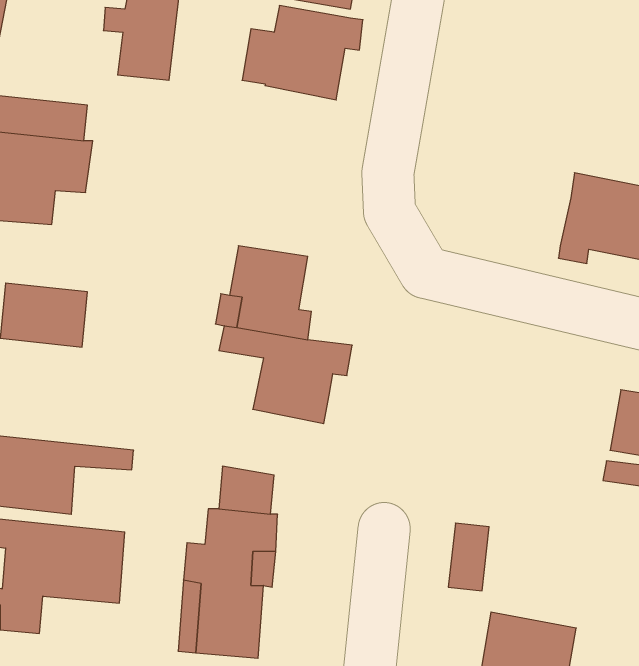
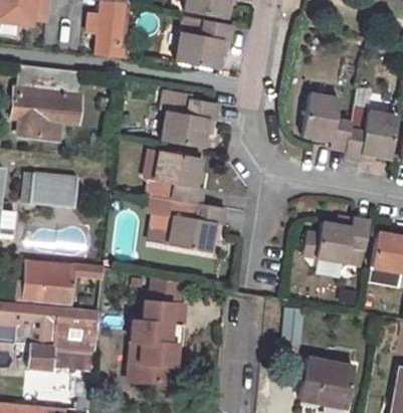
building: none -> [164,91,218,147]
building: none -> [304,95,350,151]
building: none -> [309,221,373,265]

